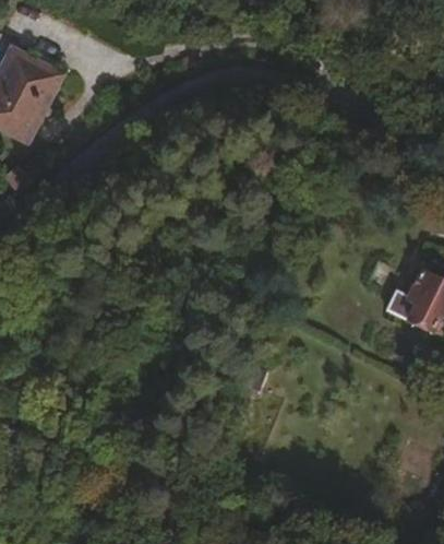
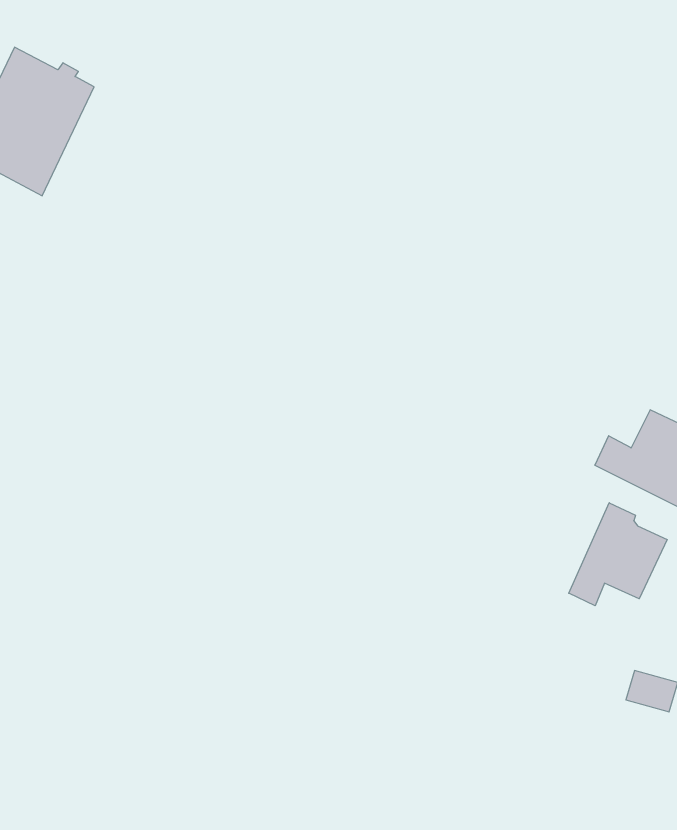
building: none -> [569,503,667,606]

